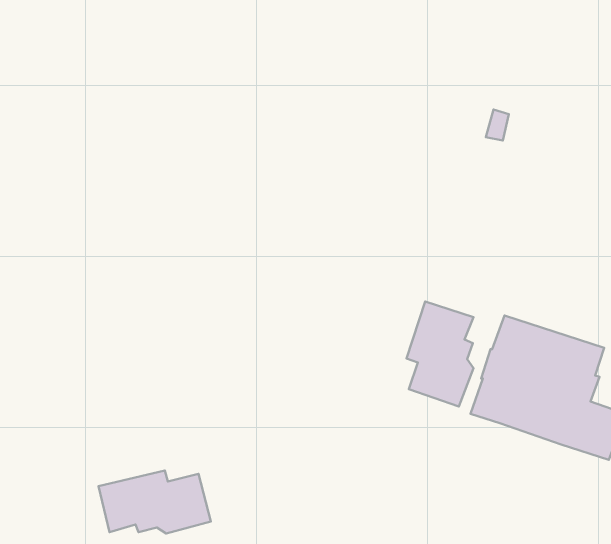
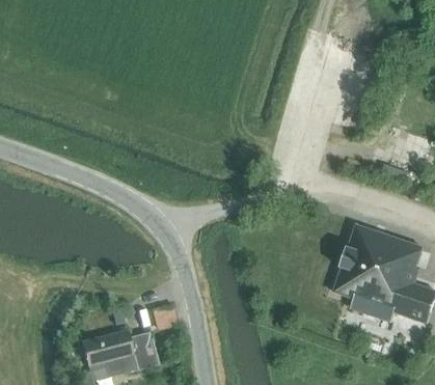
building: [407,301,474,406] -> none

